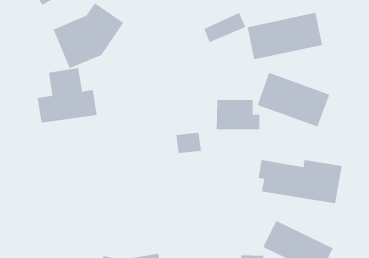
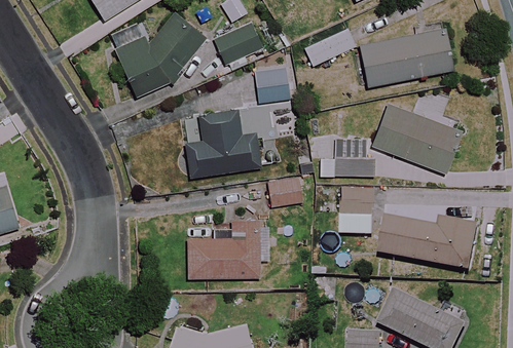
building: none -> [215,25,260,65]
building: none -> [254,65,290,102]
building: [37,67,98,123] -> [184,106,260,176]
building: none -> [337,185,375,235]
building: none -> [187,219,270,275]

